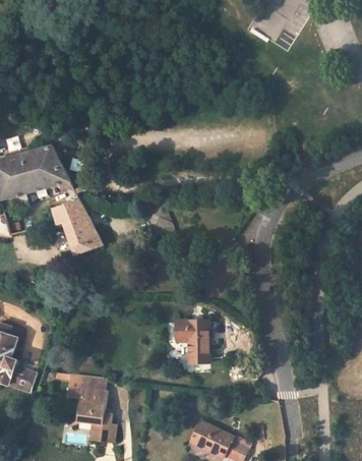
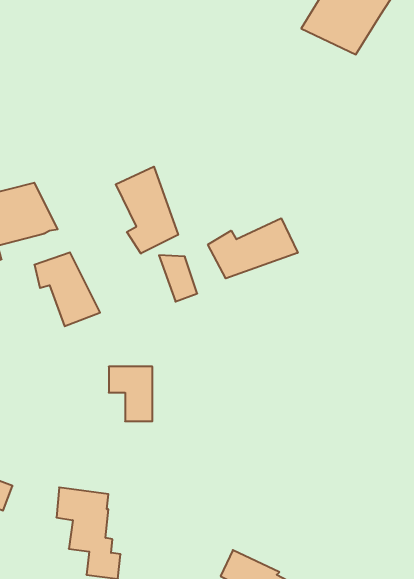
building: none -> [116,167,178,254]
building: none -> [208,218,298,278]
building: [177,321,209,361] -> [109,367,152,421]

